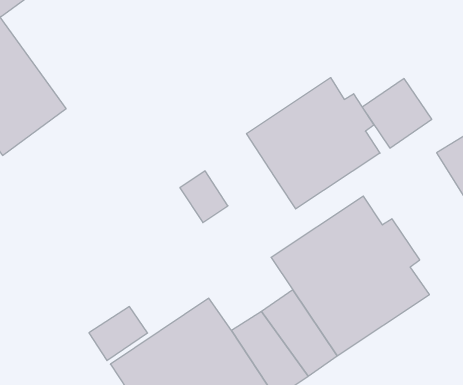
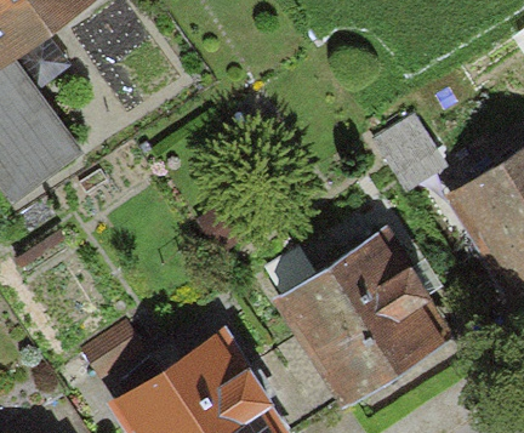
building: [247,78,380,209] -> none

